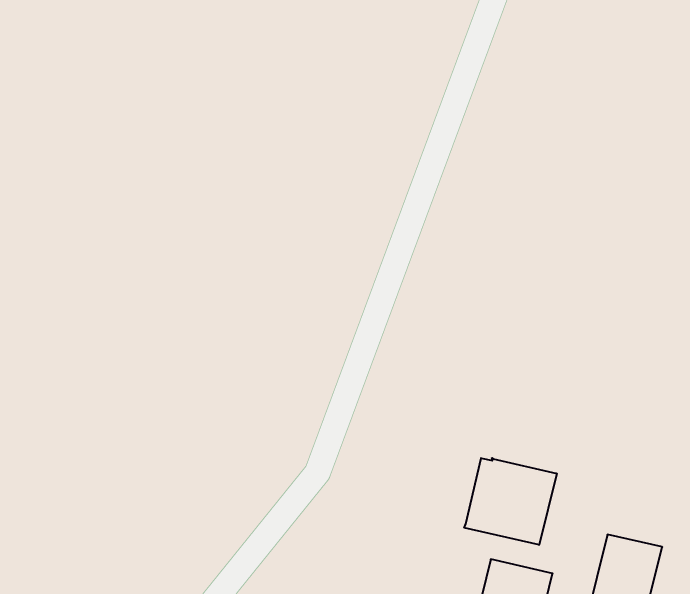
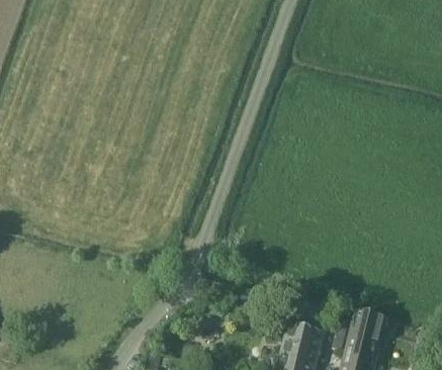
building: [464,458,557,545] -> none

